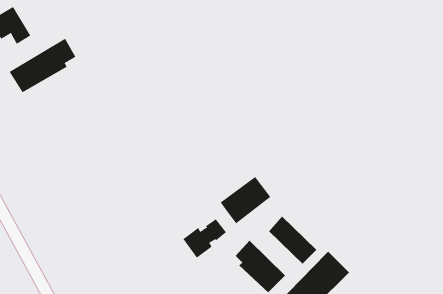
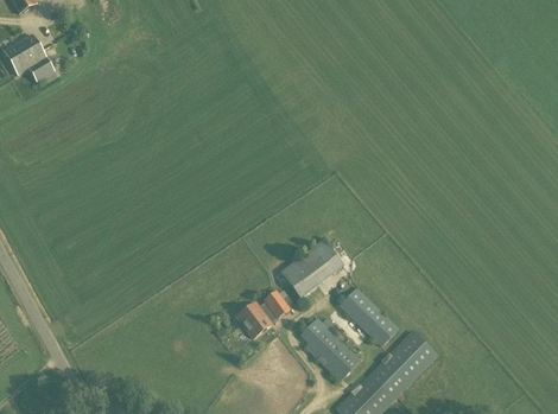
building: [9,38,76,93] -> none

